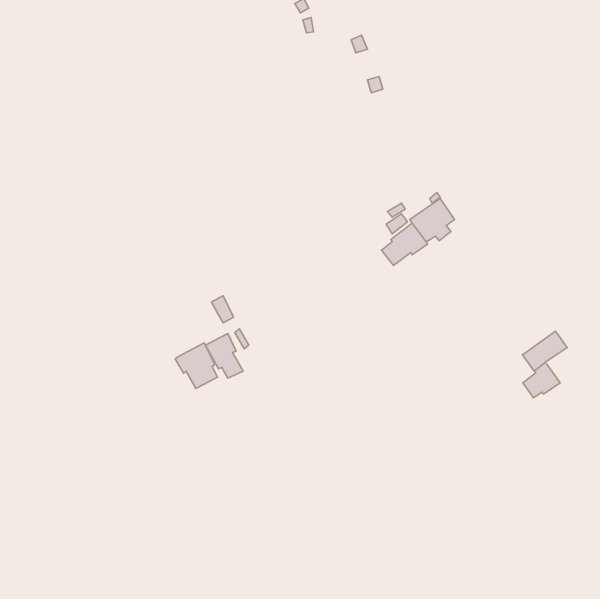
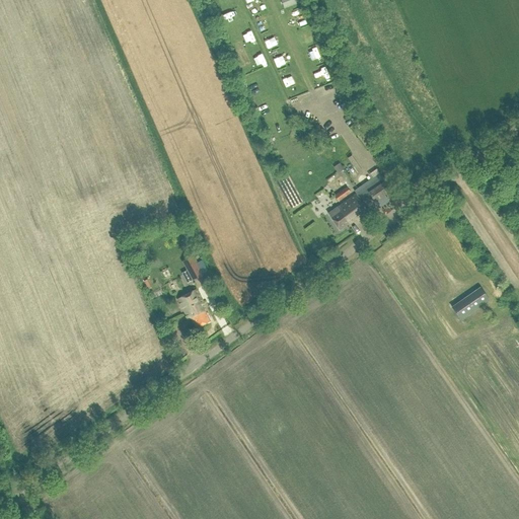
building: [175,343,218,388] -> none
building: [523,362,560,398] -> none

